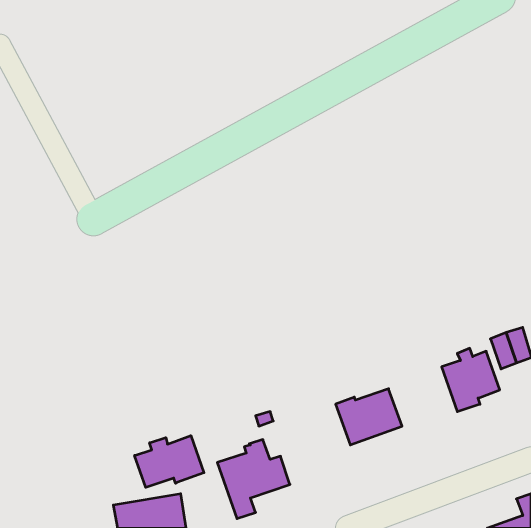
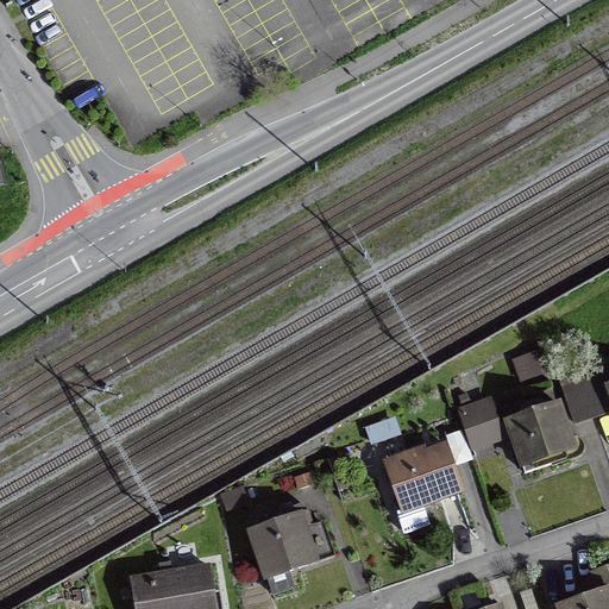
building: none -> [458,400,502,446]
building: [135,436,204,487] -> none

